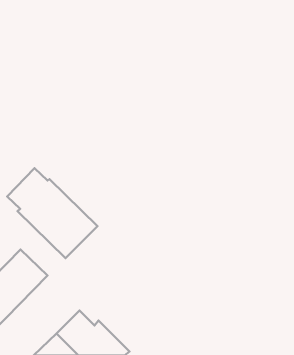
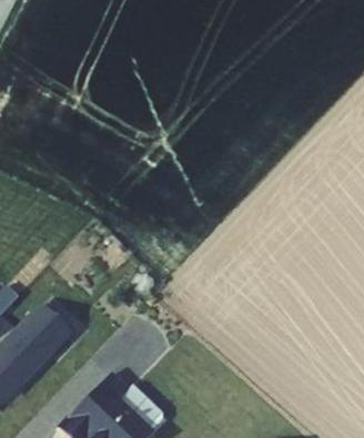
building: [7,168,97,258] -> none

